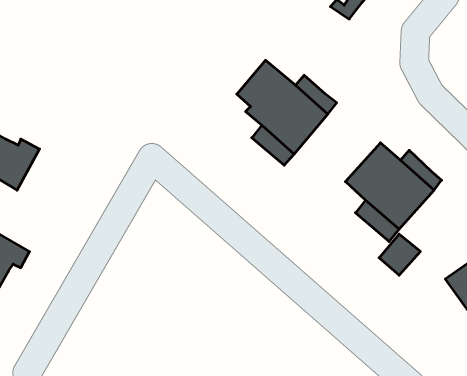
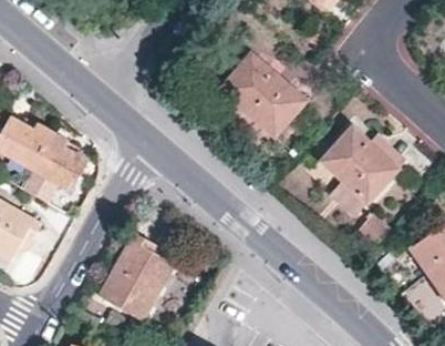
building: none -> [28,134,83,192]
building: none -> [96,237,169,323]

